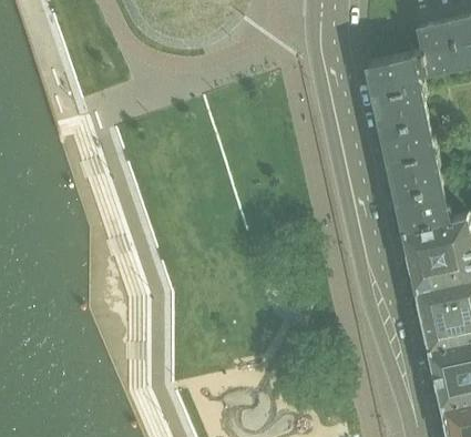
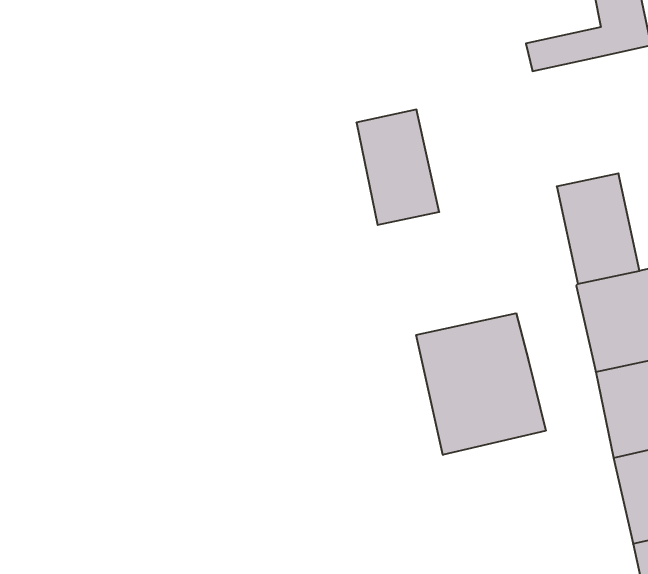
building: [372,75,429,154] -> [356,110,439,225]
building: none -> [416,313,546,455]

